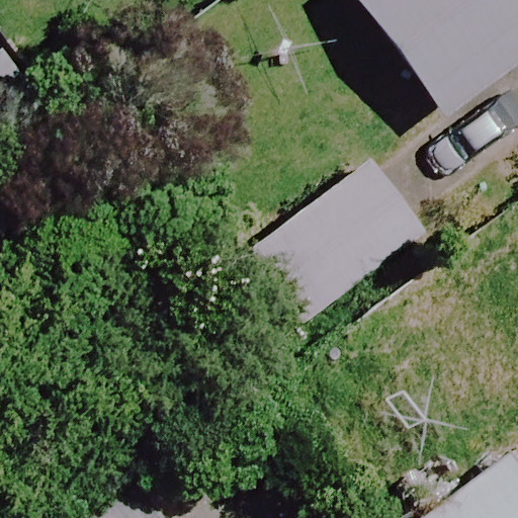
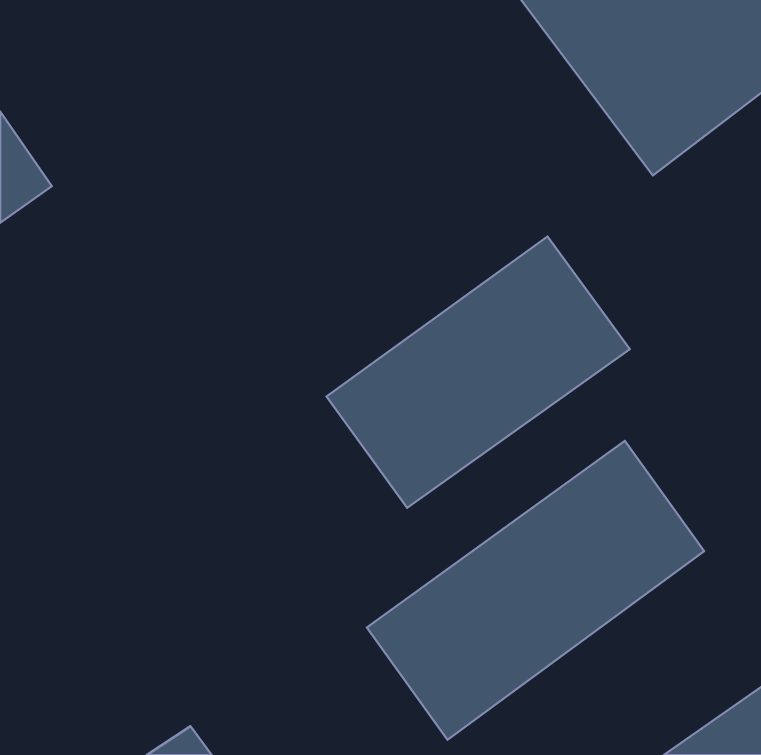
building: none -> [367,441,704,740]

